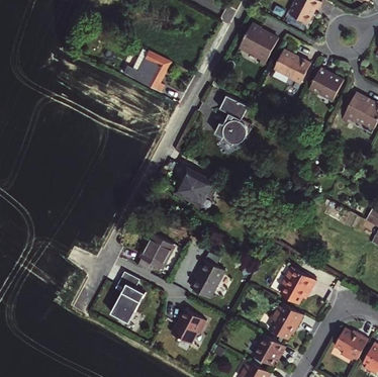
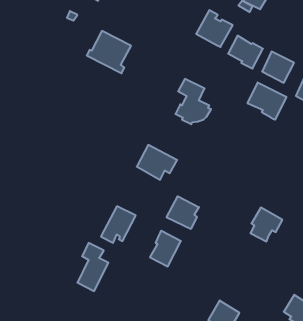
building: none -> [248,82,286,120]
building: none -> [167,196,199,229]
building: [280,267,314,303] -> [250,208,282,242]
building: [269,303,303,339] -> none
building: [171,308,205,344] -> none

